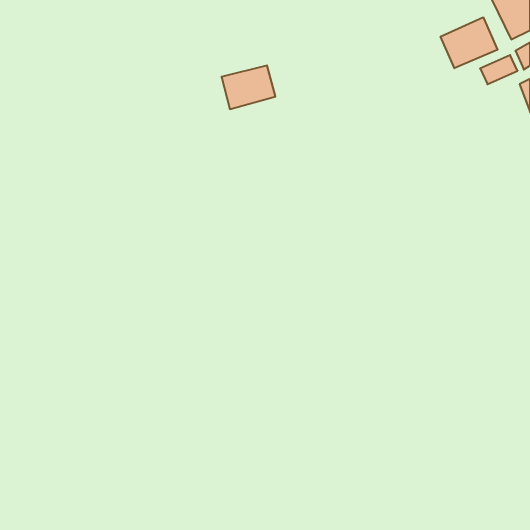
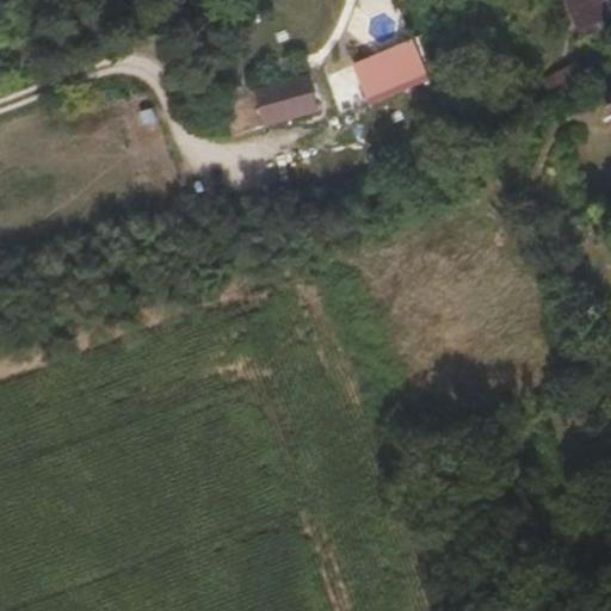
building: [441,17,498,68] -> none
building: none -> [352,38,427,101]

